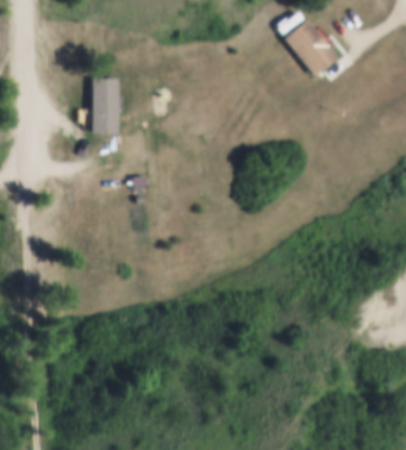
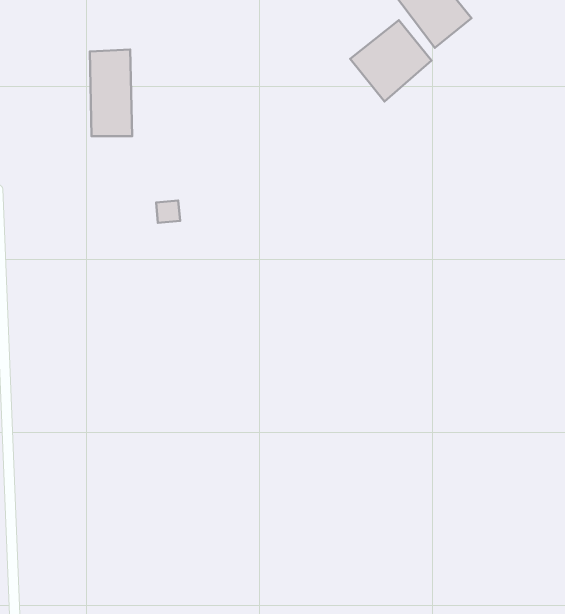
building: none -> [350,20,431,102]

